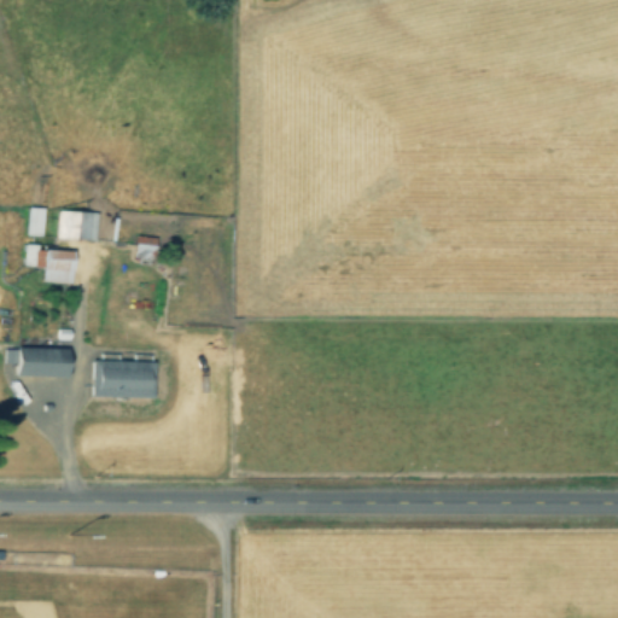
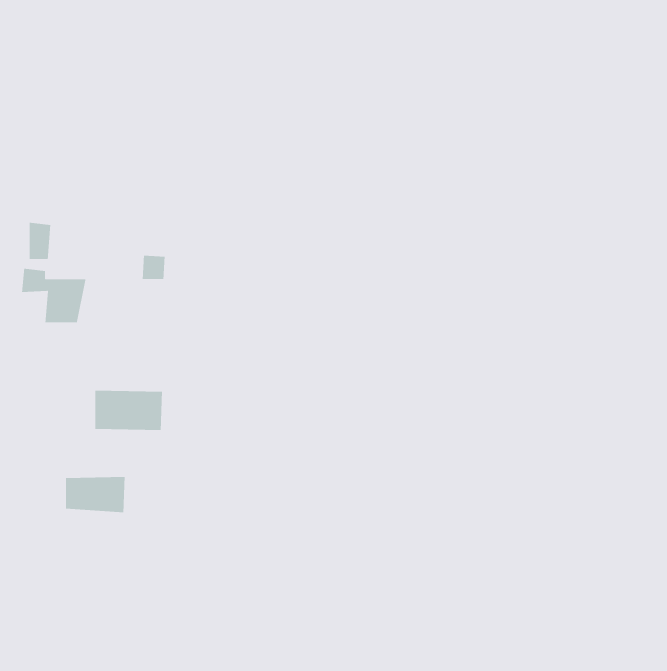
building: [57,208,101,240] -> none
building: [19,346,75,380] -> [65,476,125,513]

